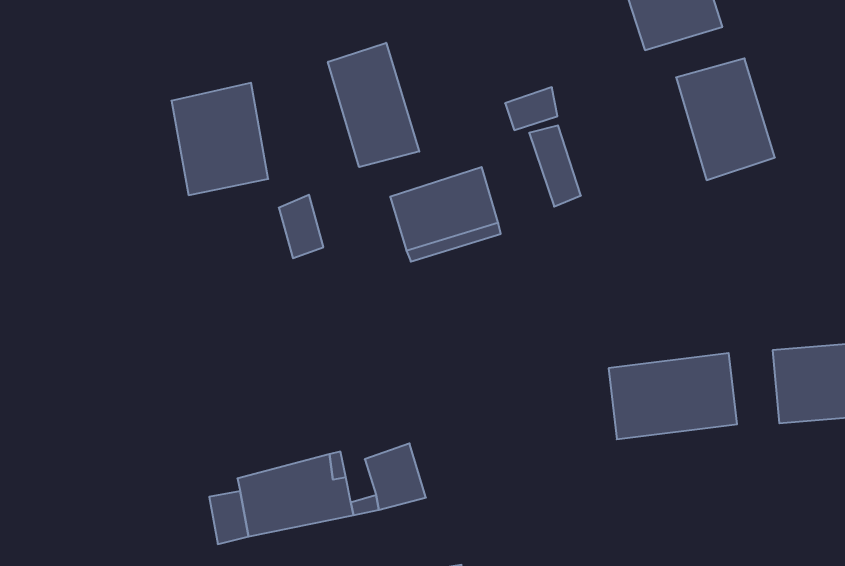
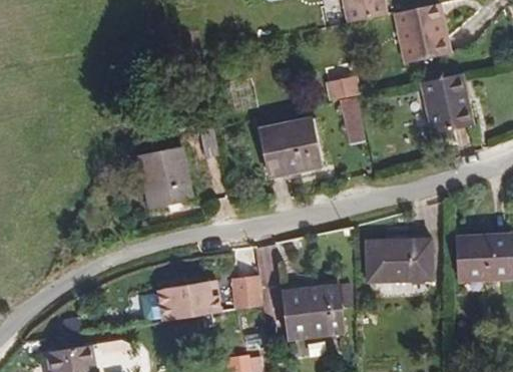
building: [328,43,419,167] -> none
building: [171,83,268,195] -> [138,151,188,211]
building: none -> [285,282,349,338]

